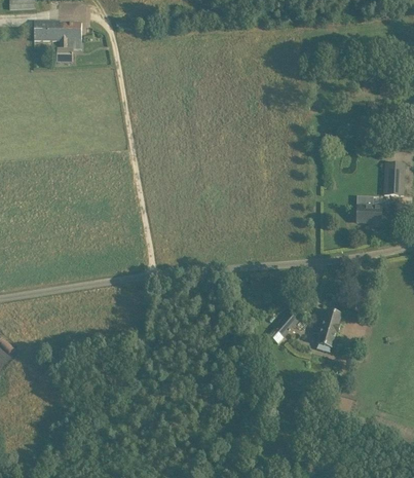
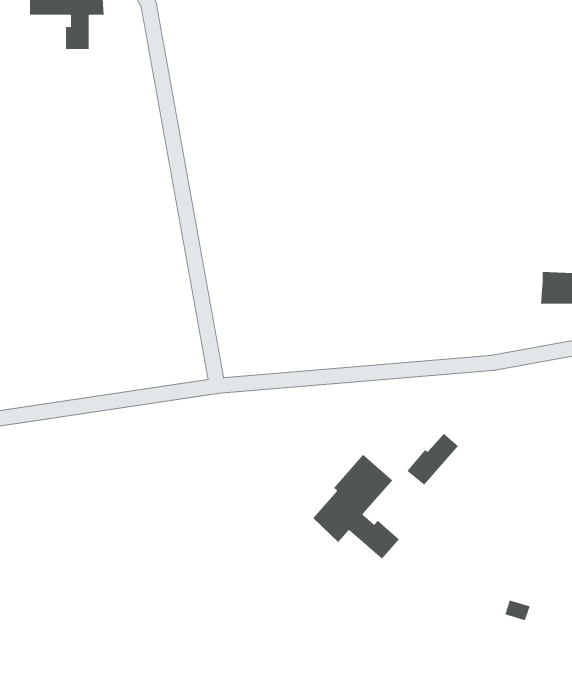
building: [316,308,340,346] -> none
building: none -> [312,454,400,560]

